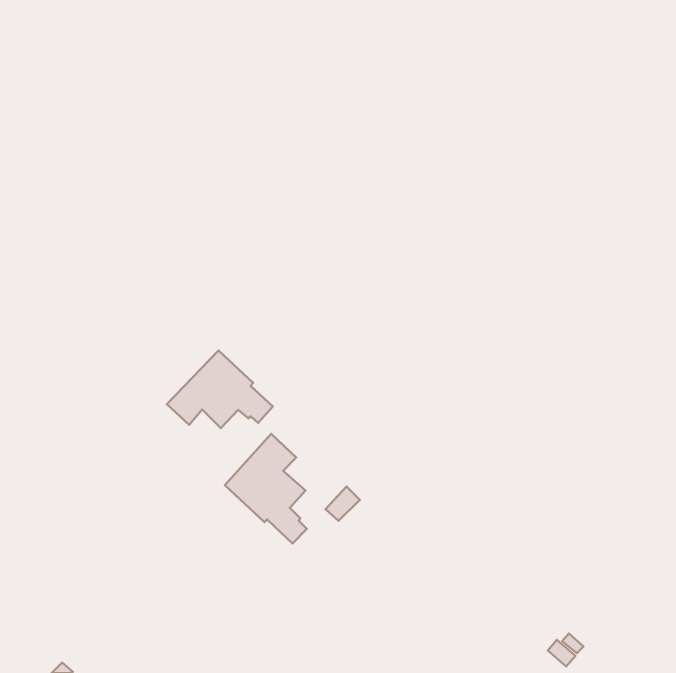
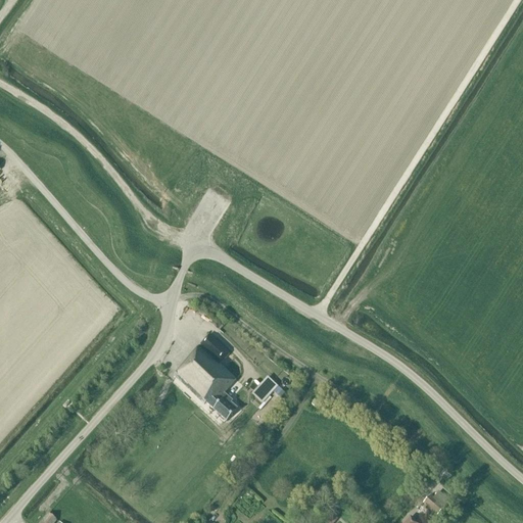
building: [167,351,273,428] -> none

